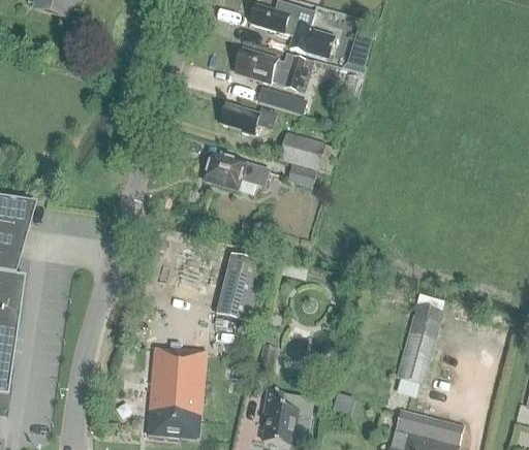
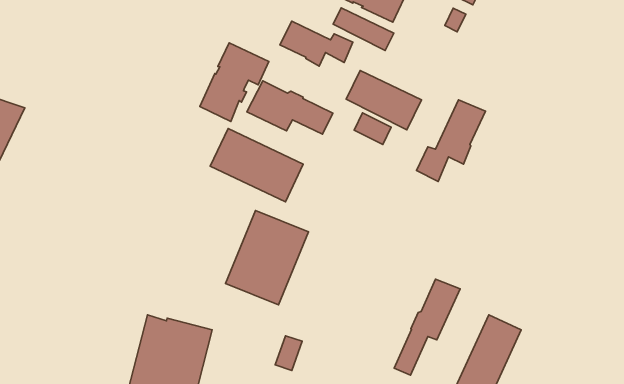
building: none -> [200,43,269,122]
building: none -> [416,100,485,182]
building: none -> [210,128,303,202]
building: none -> [394,279,460,375]

